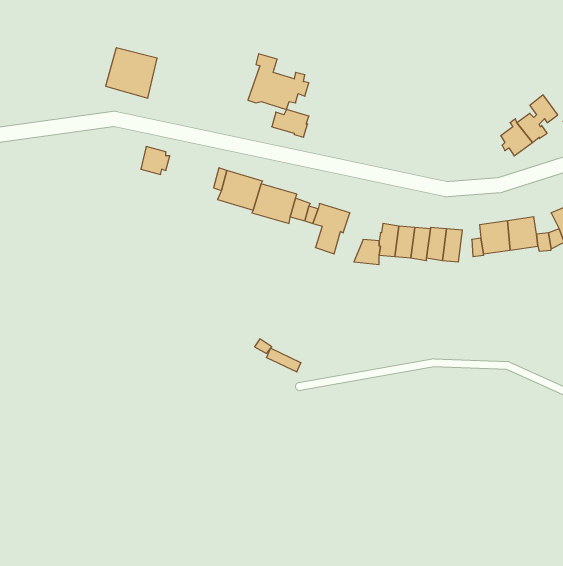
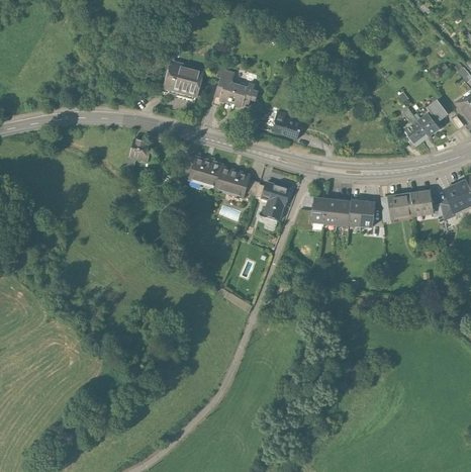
building: [106,48,157,98] -> [164,61,203,99]
building: [272,109,309,137] -> [274,116,302,137]

